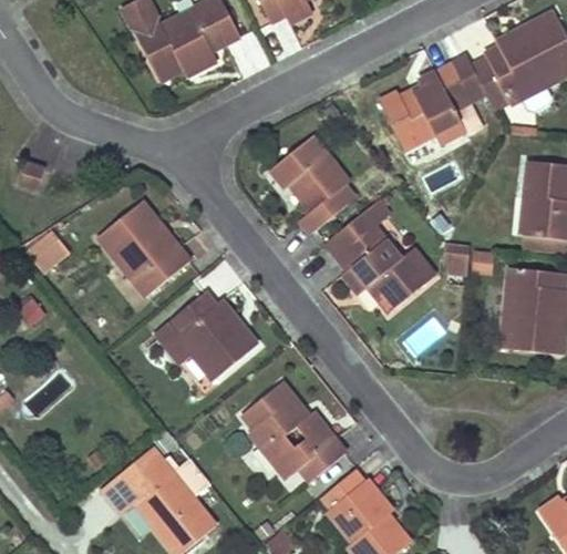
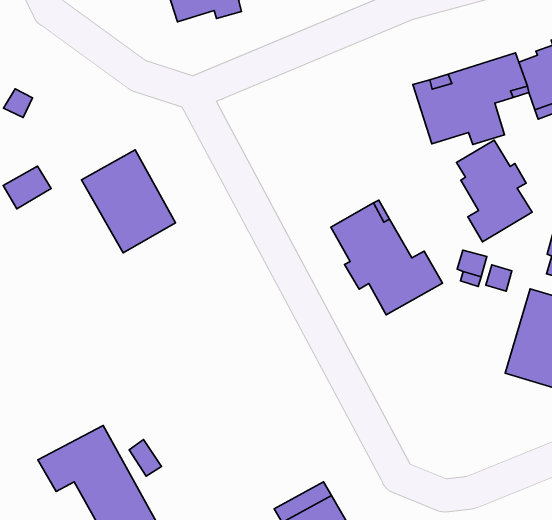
building: [271,135,354,232] -> none
building: none -> [456,140,532,242]
building: [154,293,256,379] -> none
building: [240,382,343,480] -> none

